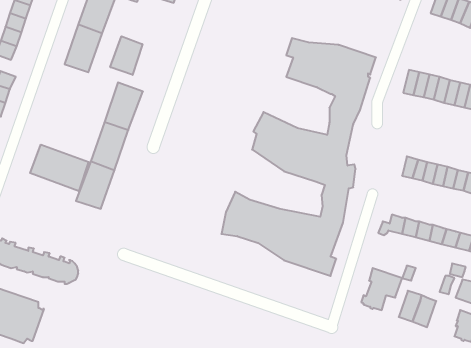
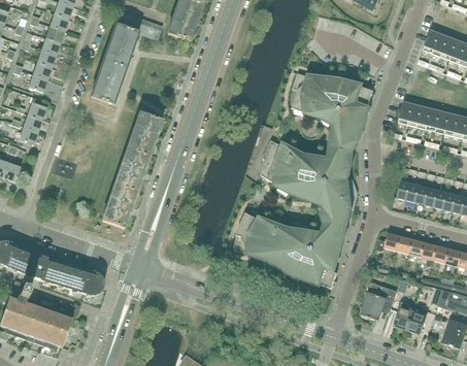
building: [110,36,142,75] -> none
building: [30,145,89,191] -> none

